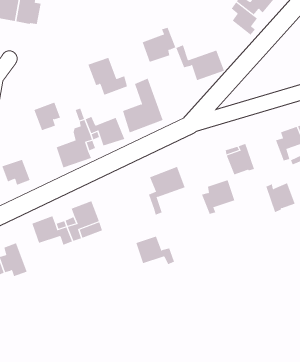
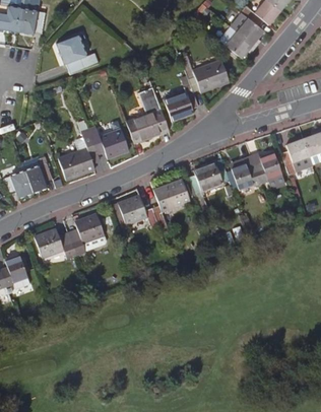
building: none -> [220,26,256,58]
building: [142,27,176,62] -> [164,86,198,122]
building: [88,57,128,95] -> [57,36,98,74]
building: [34,102,61,131] -> [25,163,53,193]
building: [201,179,235,215] -> [188,161,222,197]
building: [265,183,296,213] -> [251,151,281,182]
building: [136,236,175,265] -> [118,195,157,224]

